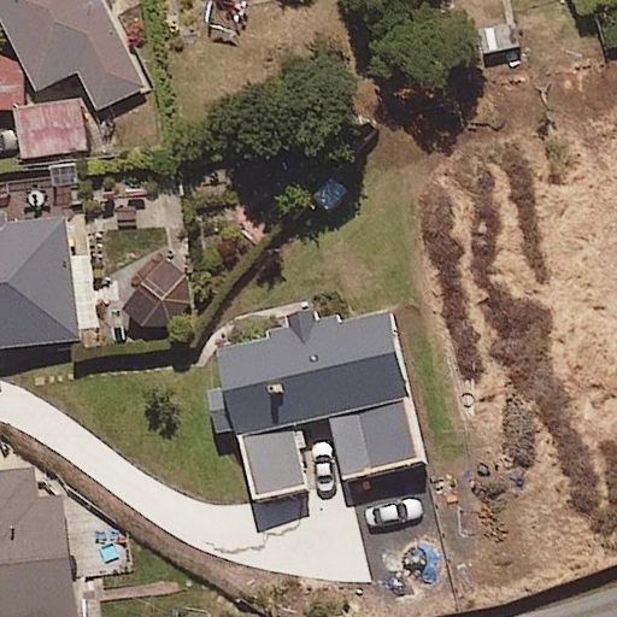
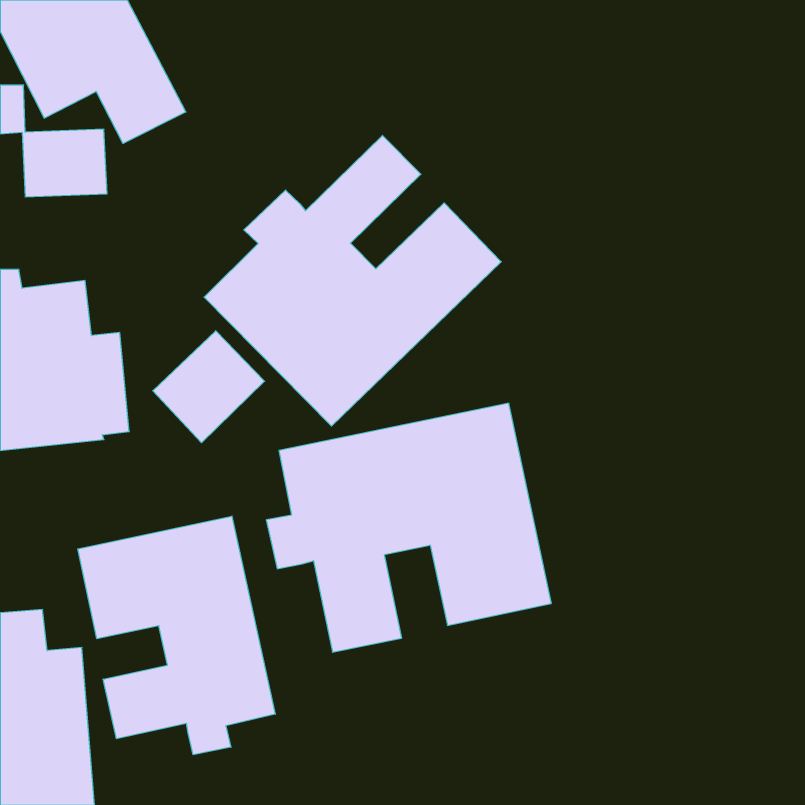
building: none -> [204,135,501,426]
building: none -> [78,516,275,755]

